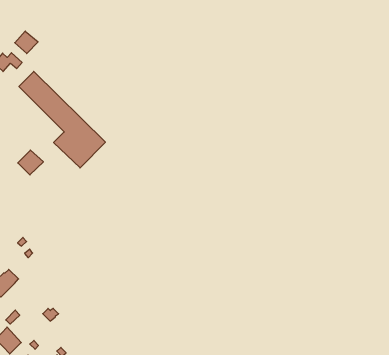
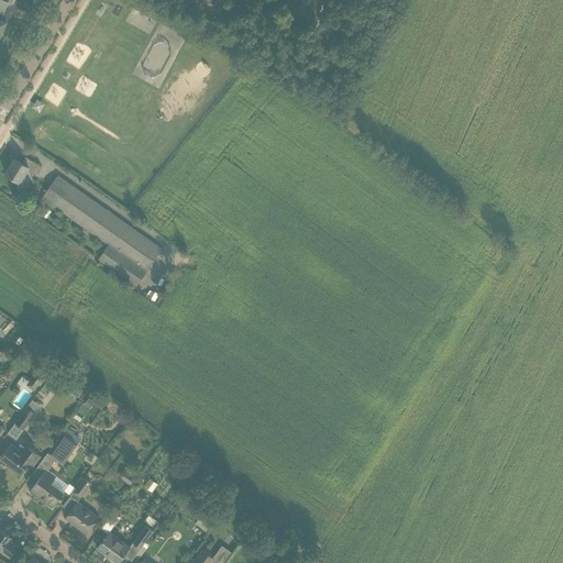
building: [15,31,38,54] -> none
building: [18,150,43,175] -> none

